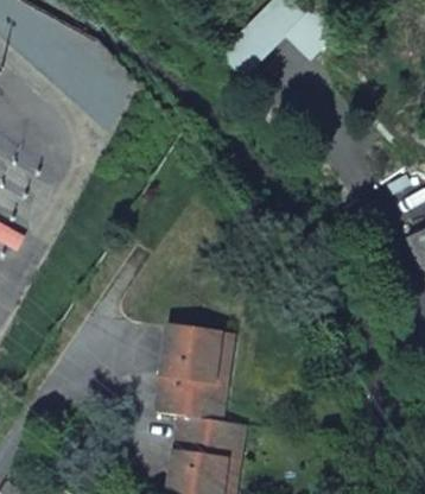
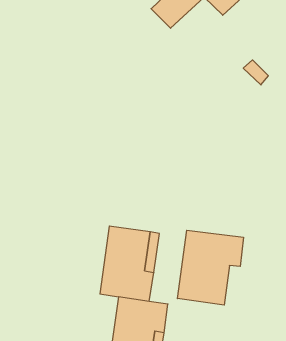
building: none -> [177,230,243,305]

